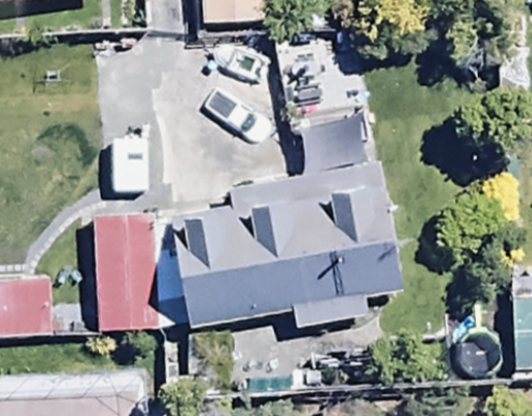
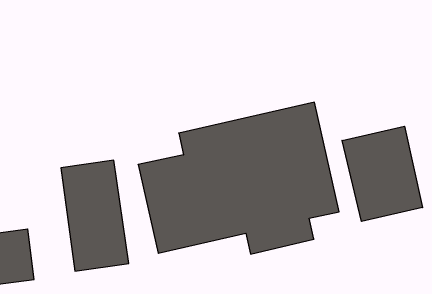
building: none -> [342,126,423,221]

